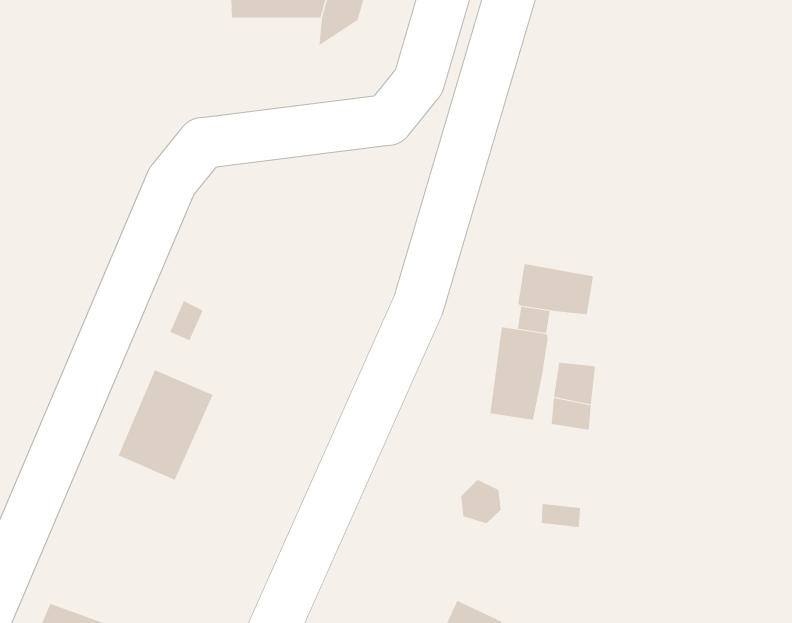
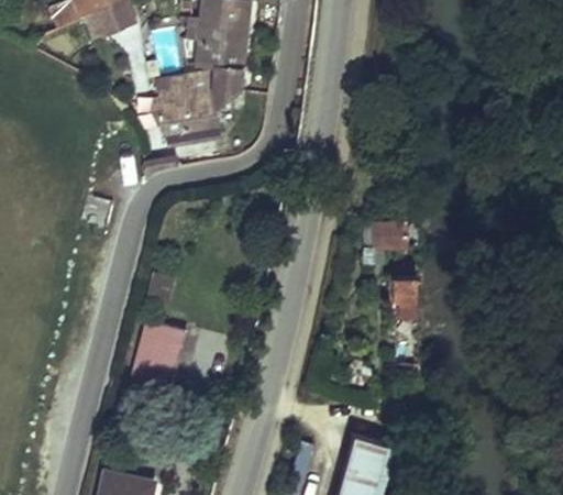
building: none -> [159,90,219,142]
building: [490,326,548,421] -> none

